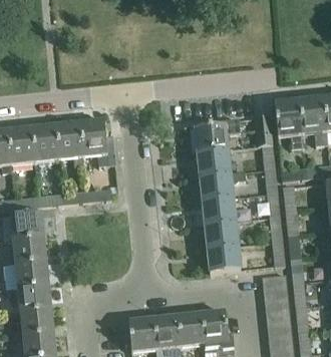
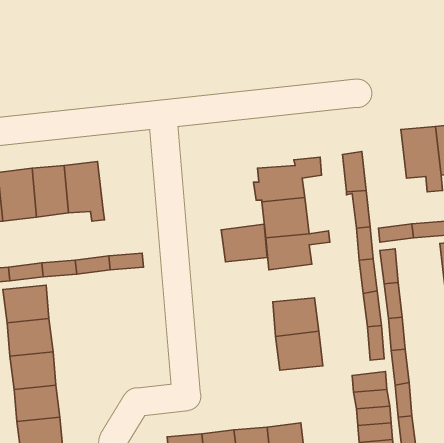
building: [274,98,303,147] -> none
building: [78,119,108,165] -> none
building: [202,196,235,223] -> [221,224,267,262]

